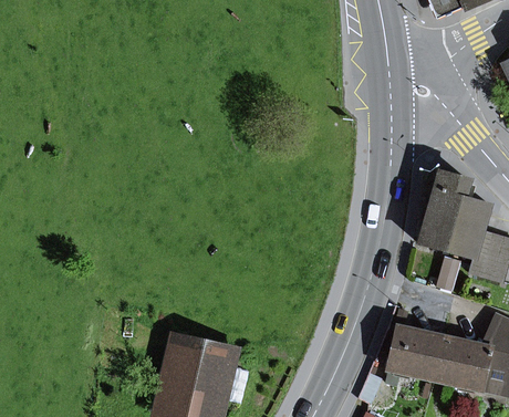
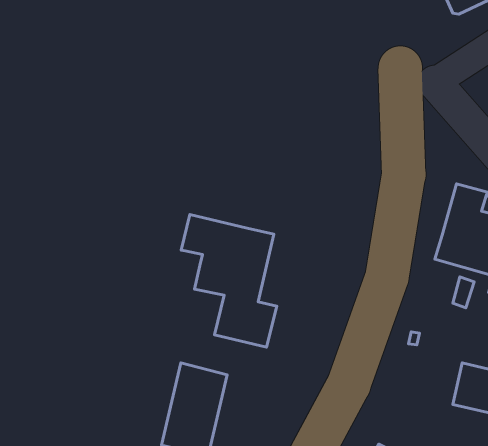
building: none -> [181,215,277,347]
building: [388,327,444,376] -> none

